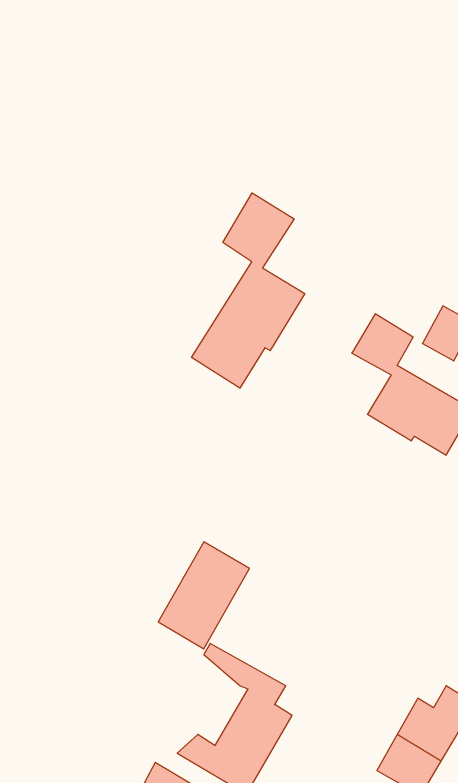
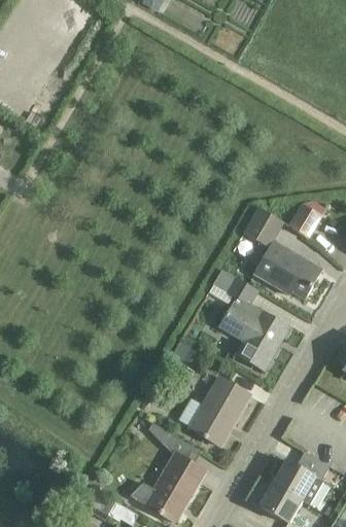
building: [192,193,305,388] -> none
building: none -> [214,269,288,367]
building: [158,542,249,649] -> [189,375,249,445]

